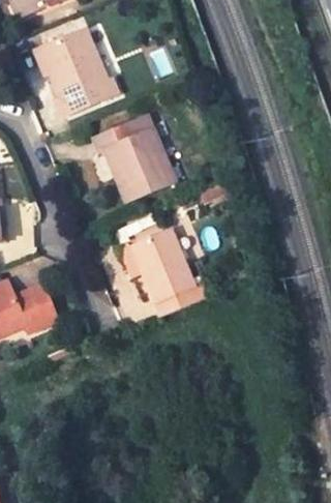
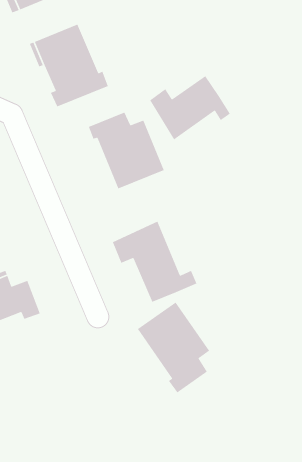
building: none -> [149,75,231,140]
building: none -> [137,301,210,393]

